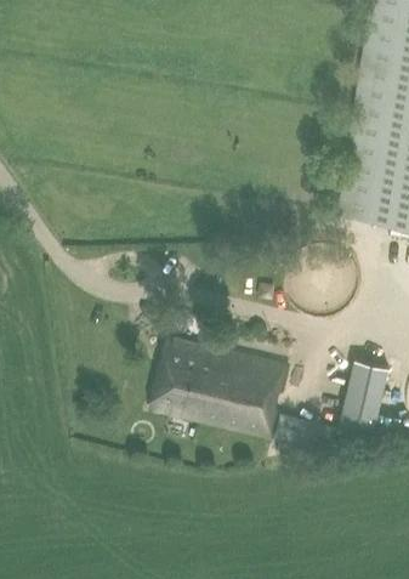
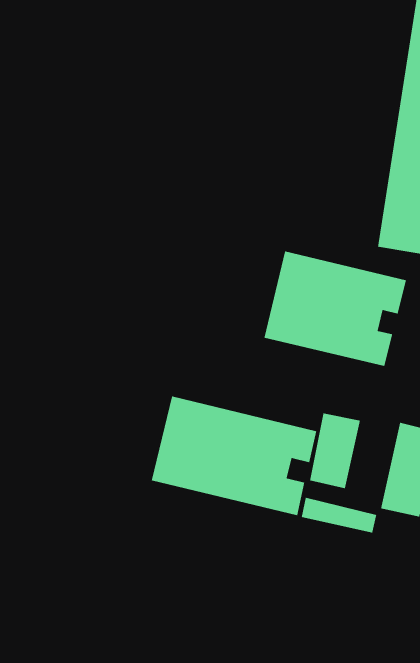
building: none -> [264,251,407,367]
building: none -> [309,413,361,489]

